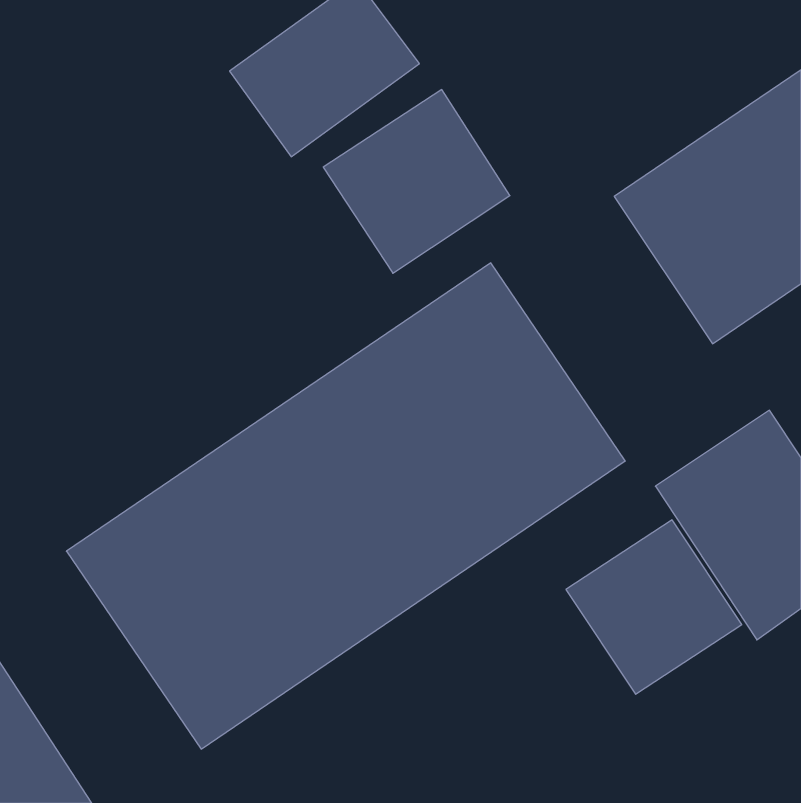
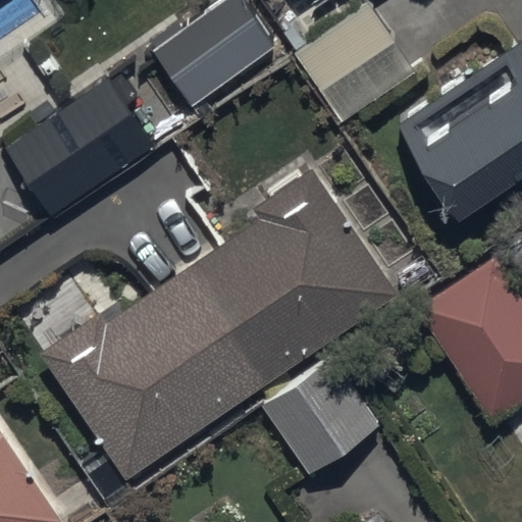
building: [323,90,510,273] -> [295,5,415,123]
building: none -> [5,76,155,216]
building: [566,520,742,694] -> [264,363,377,475]

